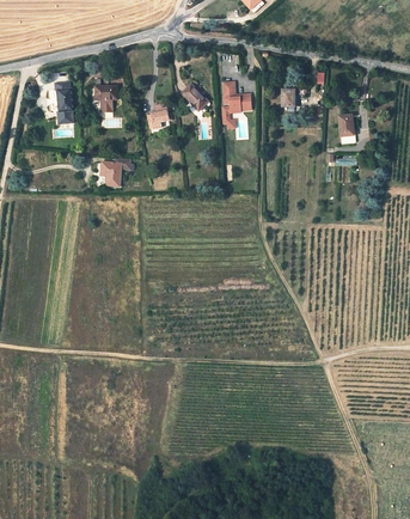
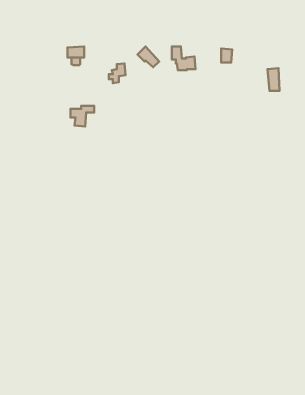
building: [54,83,73,122] -> none

